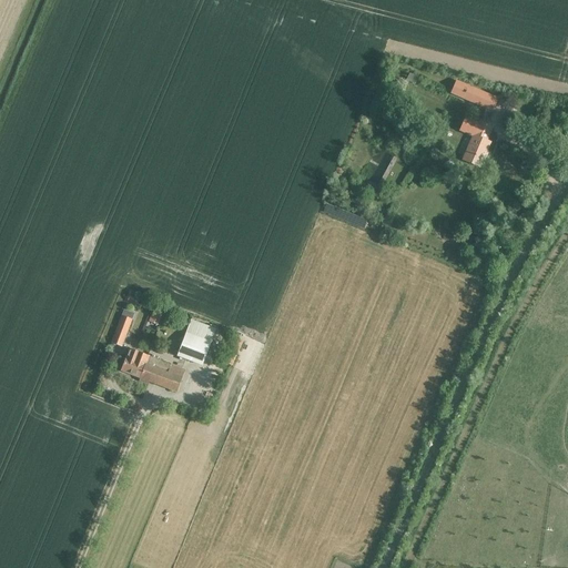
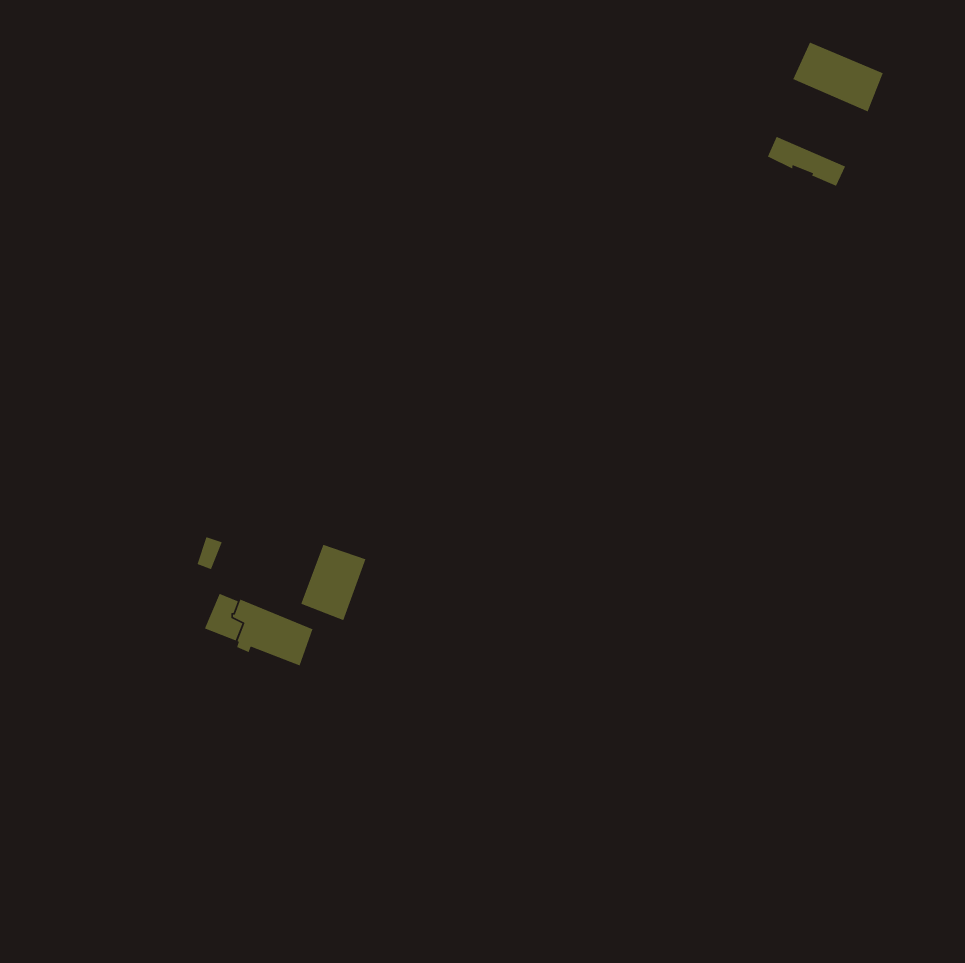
building: none -> [792,41,884,113]
building: [459,118,491,166] -> none

